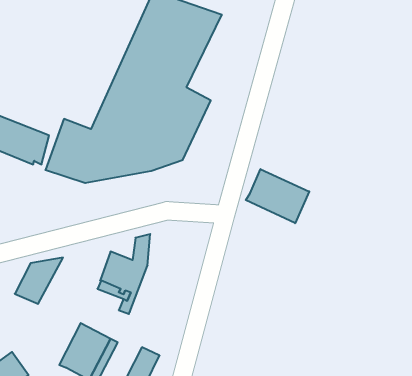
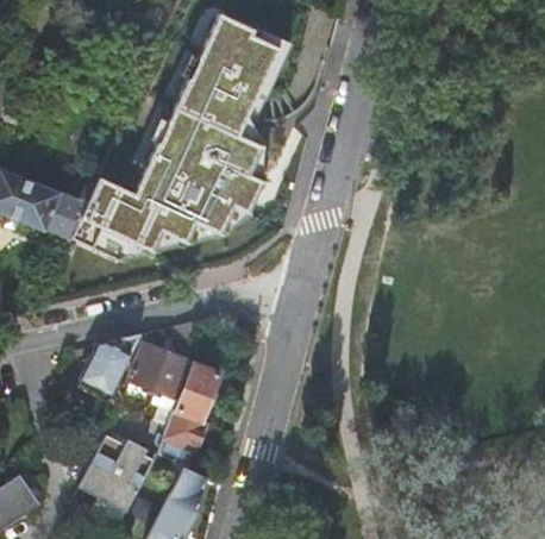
building: [246,169,309,223] -> none
building: [15,258,63,304] -> [80,334,142,394]
building: none -> [164,364,220,451]

